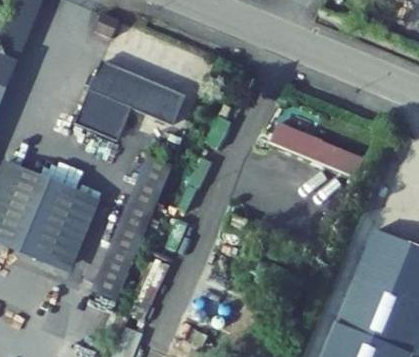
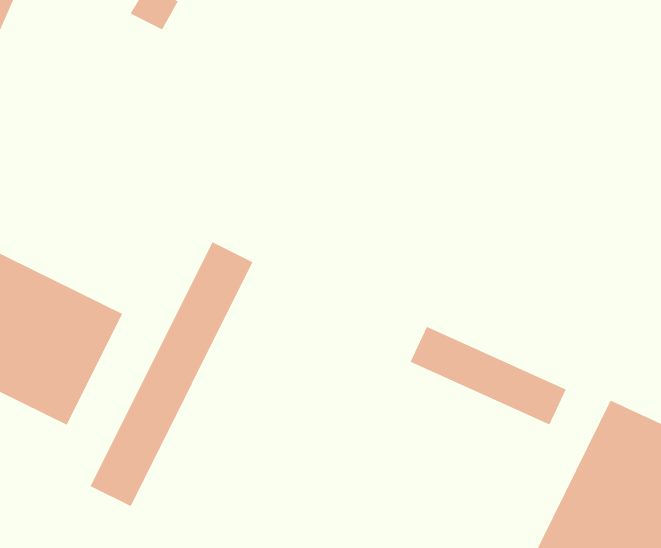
building: [76,60,184,138] -> none
building: [272,123,361,174] -> [410,326,567,426]

